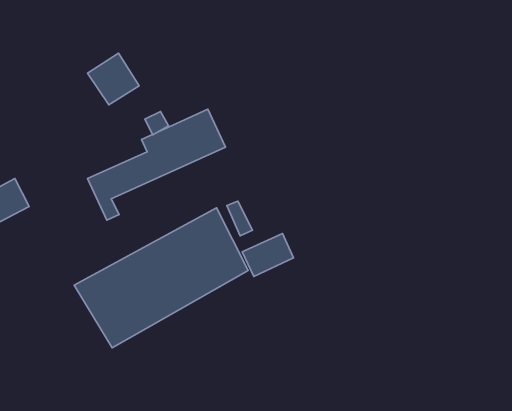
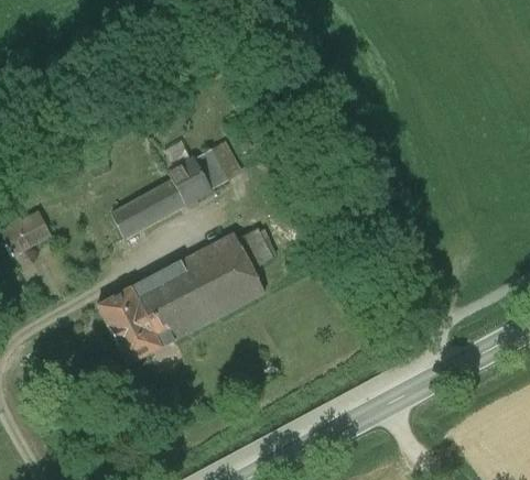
building: [87,53,139,105] -> none
building: [242,233,293,277] -> none

